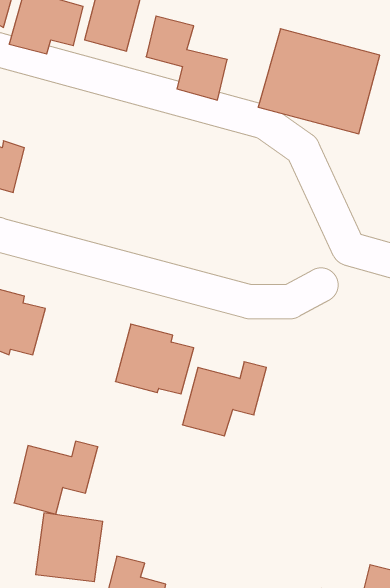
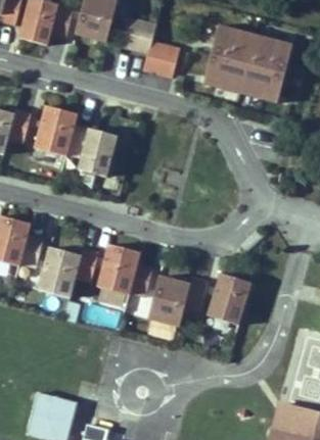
building: none -> [34,107,116,178]
building: none -> [205,274,250,326]
building: [14,441,98,514] -> [38,244,99,297]

